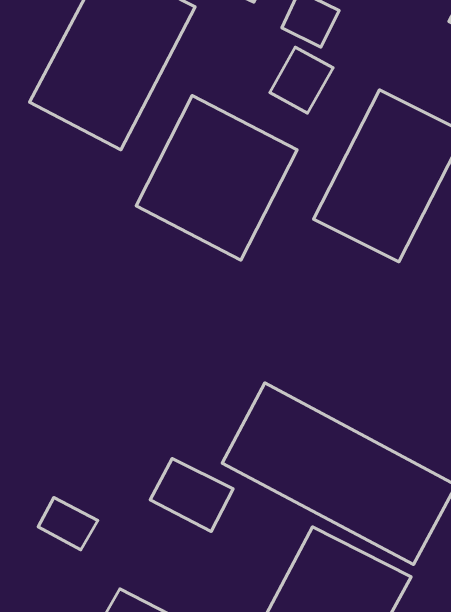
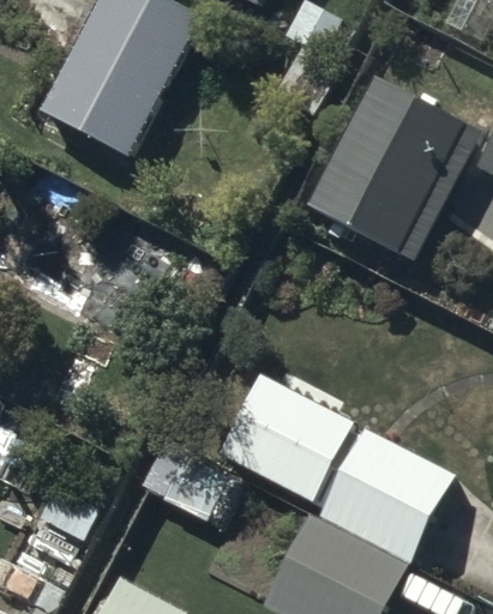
building: [136,96,297,260] -> none

